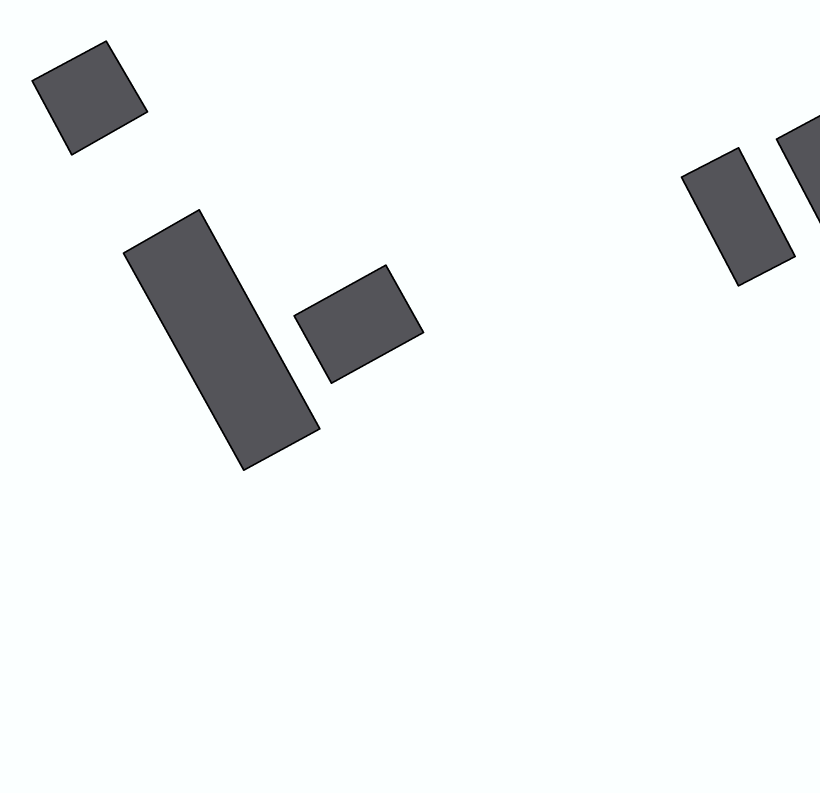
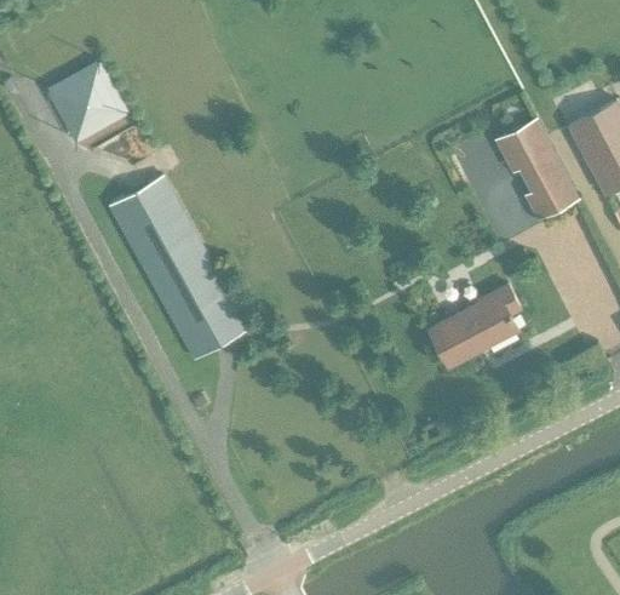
building: [294,265,423,383] -> none
building: none -> [430,285,521,367]

